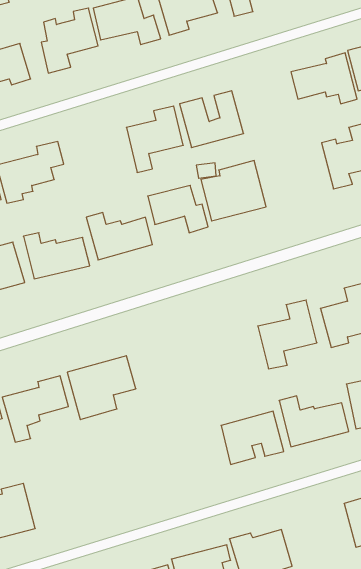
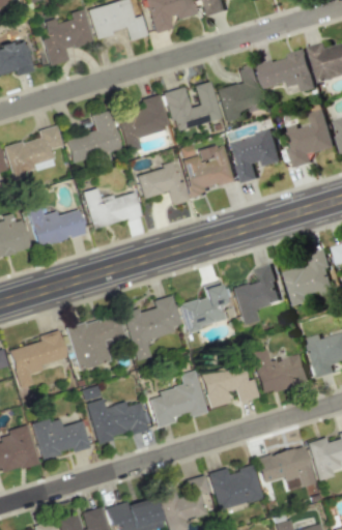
building: none -> [218,64,267,122]
building: none -> [65,109,121,164]
building: none -> [235,129,285,182]
building: none -> [180,281,226,333]
building: none -> [123,295,180,360]
building: none -> [150,370,207,426]
building: none -> [87,399,149,444]
building: none -> [32,418,91,459]
building: none -> [257,445,316,487]

